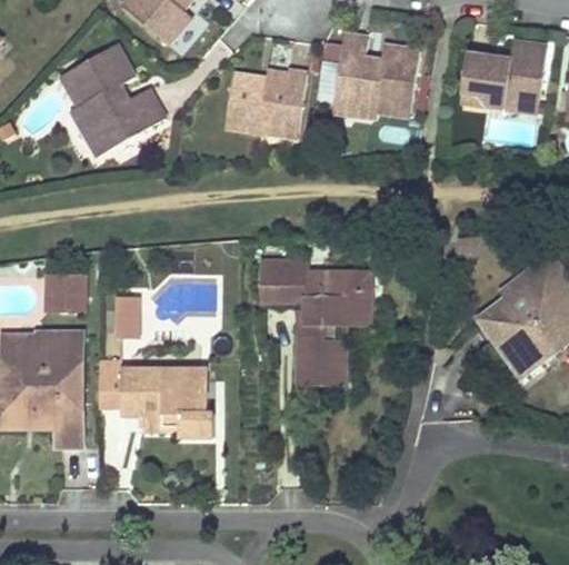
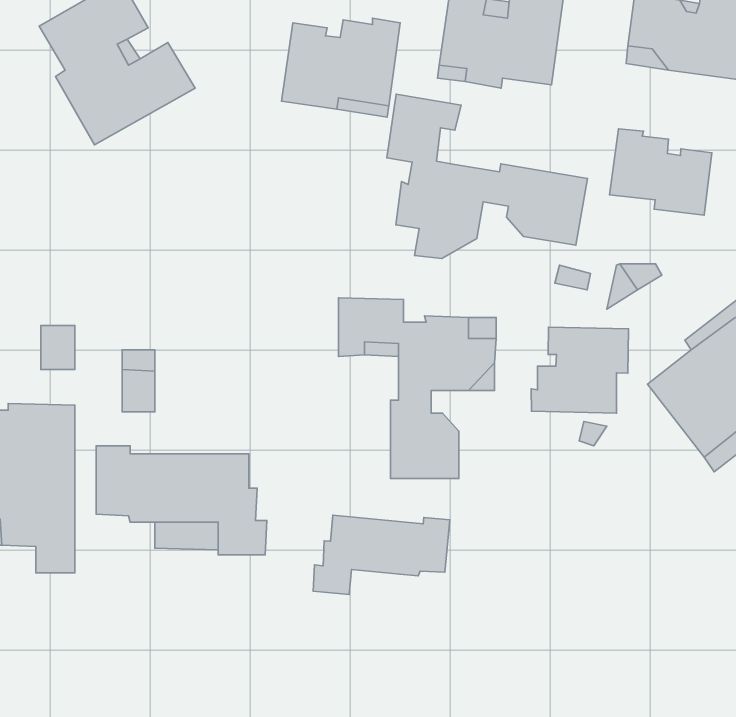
building: none -> [387,94,587,259]
building: none -> [610,129,712,215]
building: none -> [531,327,629,413]
building: none -> [313,515,450,595]

